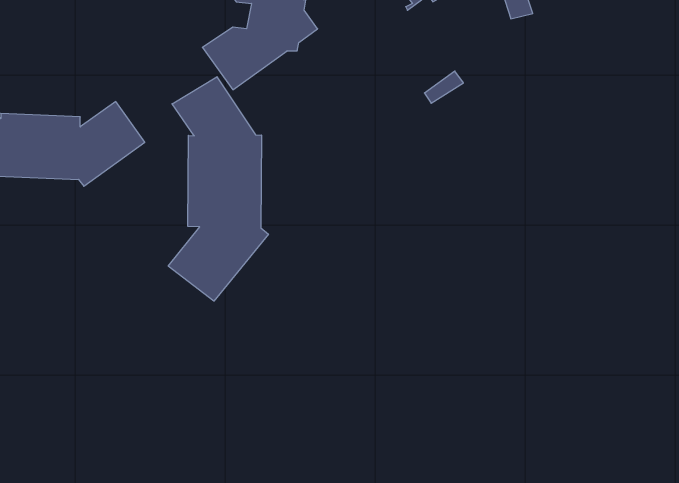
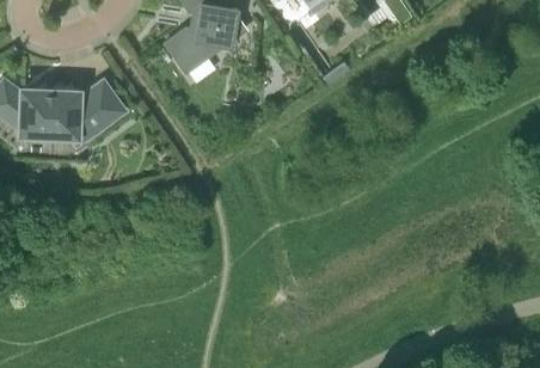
building: [168,77,268,301] -> none

